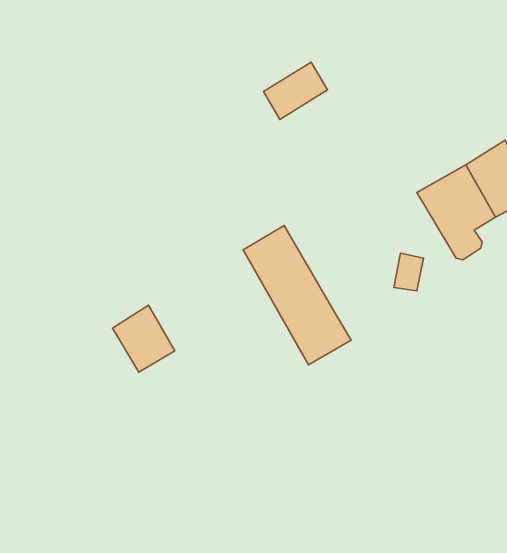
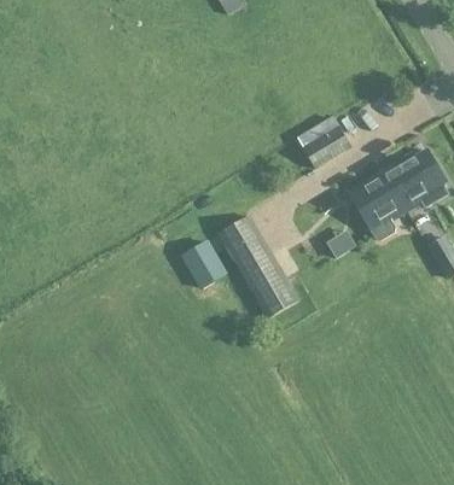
building: [264,62,327,119] -> [303,124,350,166]
building: [113,305,175,372] -> [179,234,225,284]

